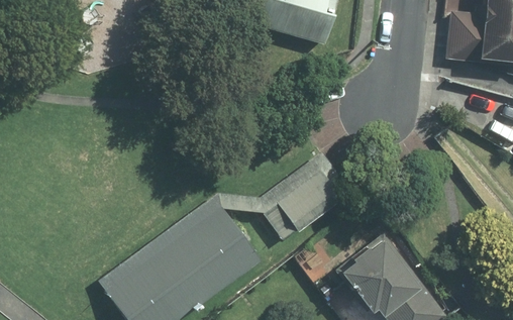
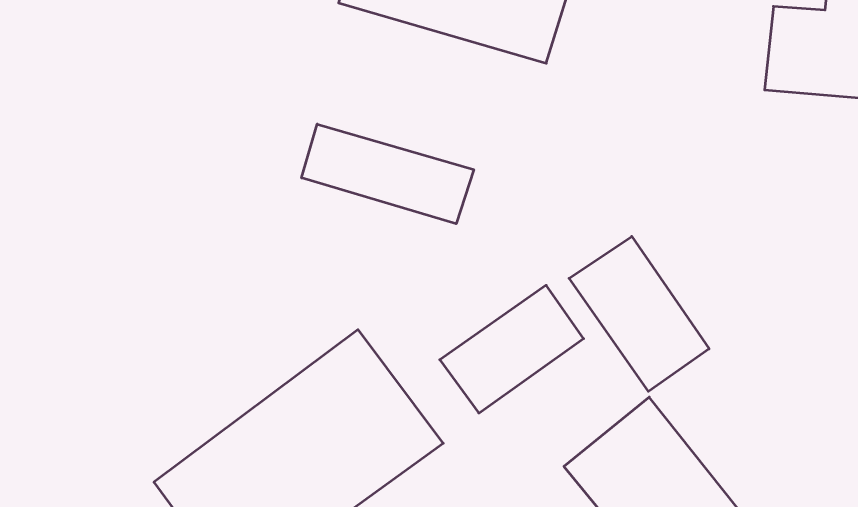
building: none -> [302,124,474,224]
building: none -> [569,236,709,391]

